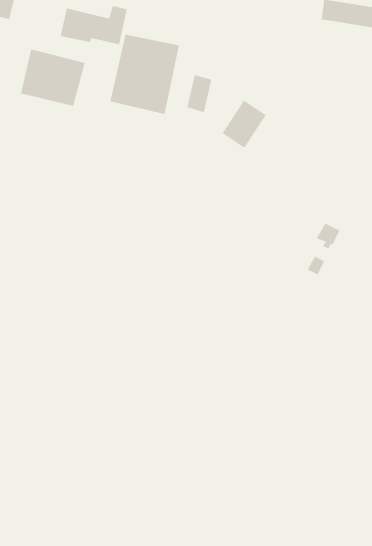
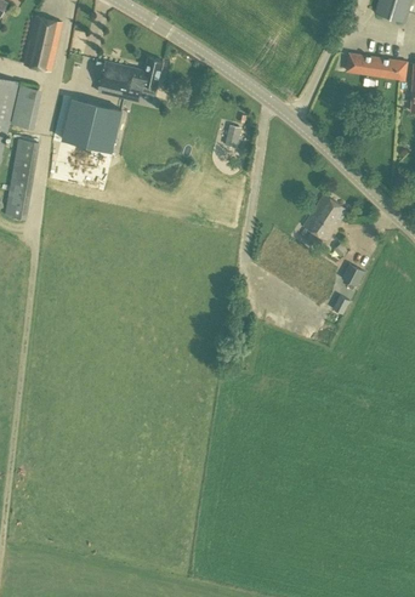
building: [110,34,179,115] -> none
building: [222,100,266,148] -> [305,194,347,240]

